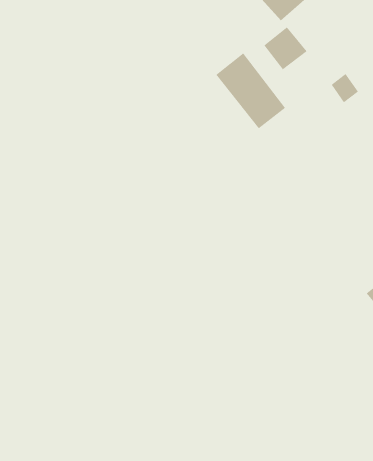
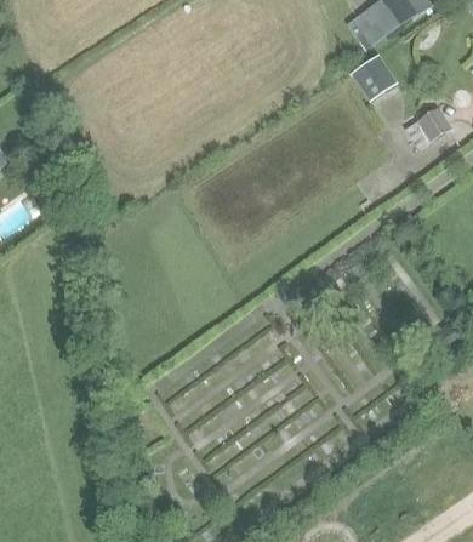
building: [216,52,286,129] -> none

